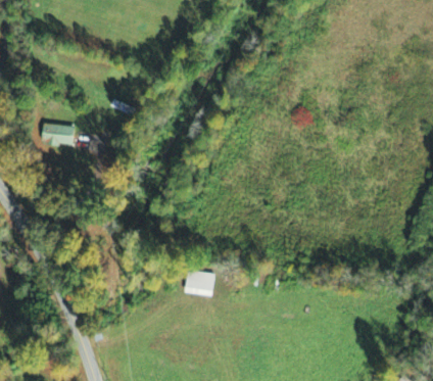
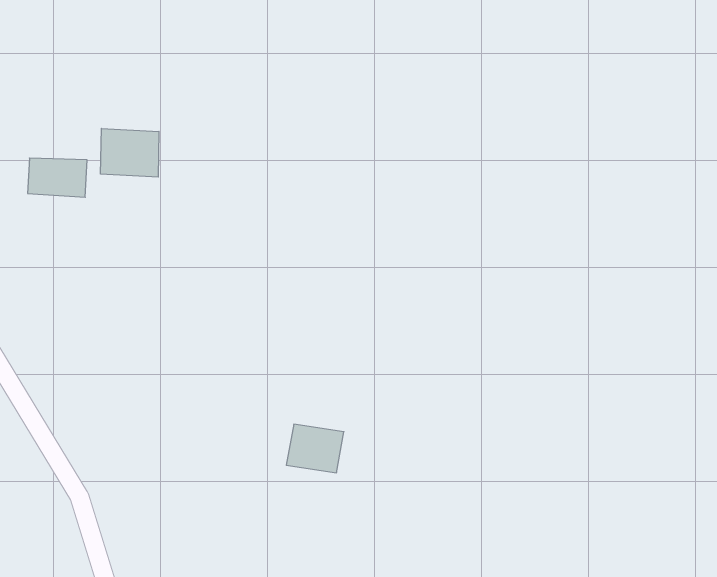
building: none -> [101,128,159,177]

